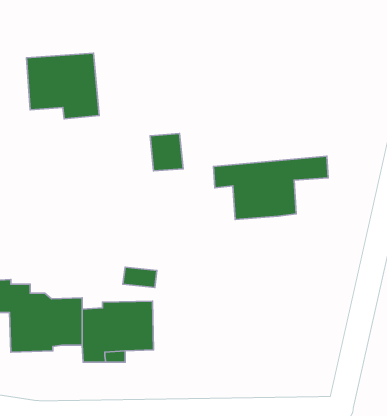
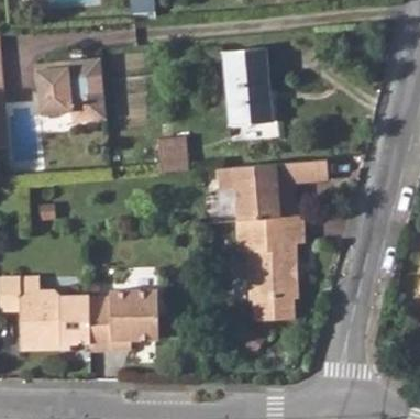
building: none -> [223,47,272,126]
building: none -> [235,216,303,321]

